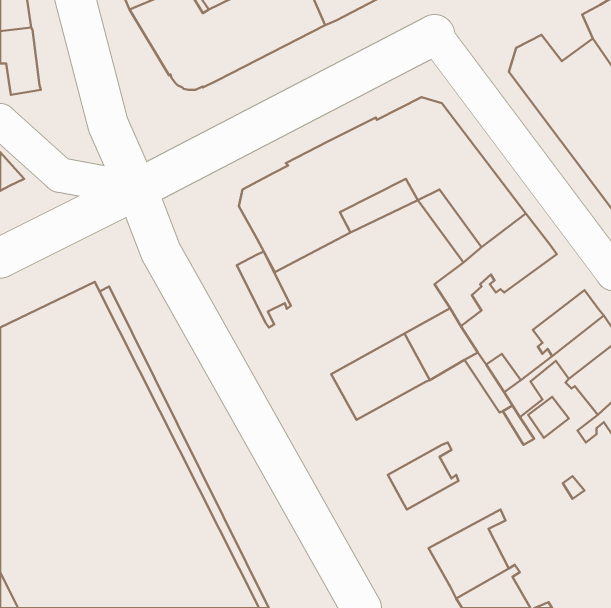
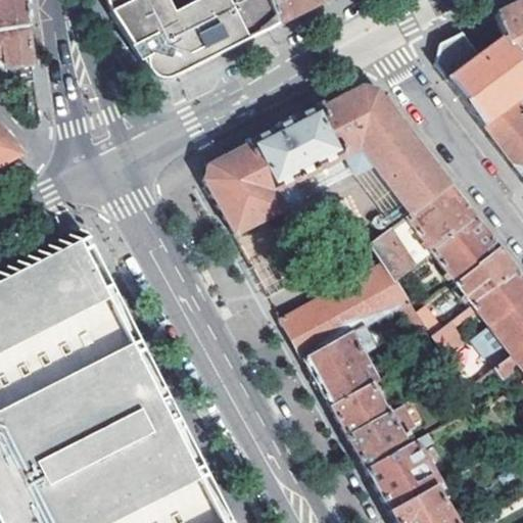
building: [237,251,291,328] -> none
building: none -> [431,217,500,281]
building: none -> [305,325,378,405]
building: none -> [348,403,415,467]

